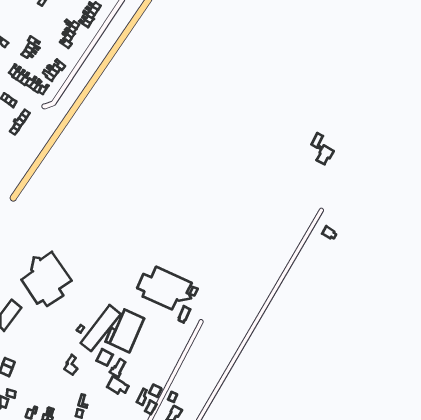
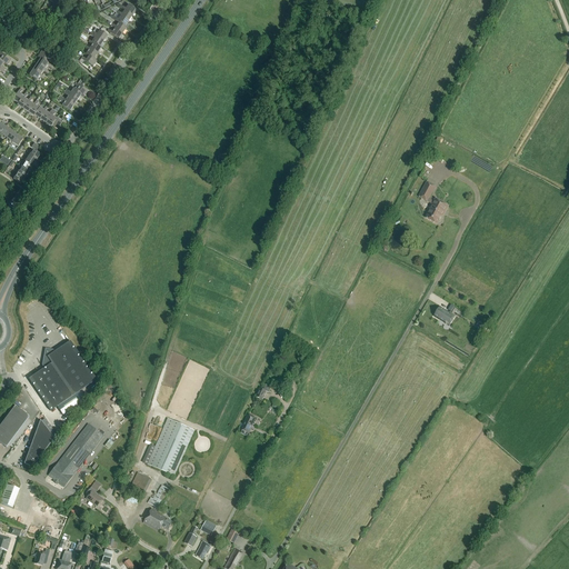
building: [137,267,192,309] -> none
building: [81,305,121,351] -> [49,422,103,485]
building: none -> [24,418,54,465]

